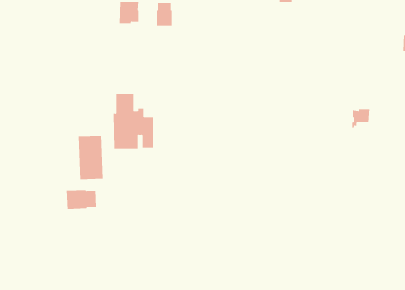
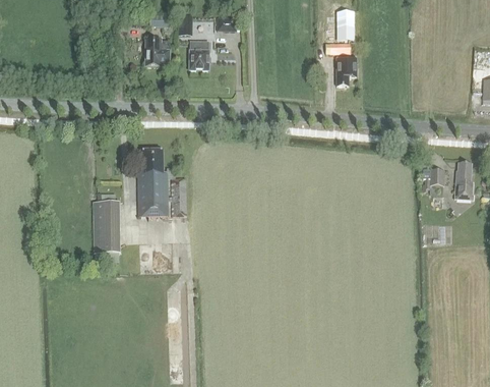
building: none -> [334,56,355,85]
building: none -> [452,162,471,199]
building: [66,189,97,210] -> none

